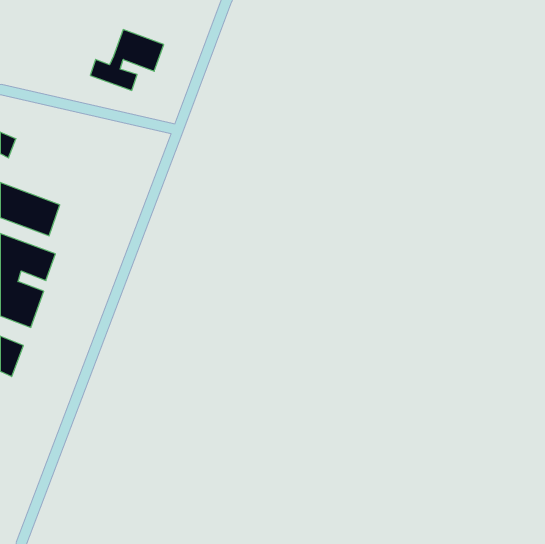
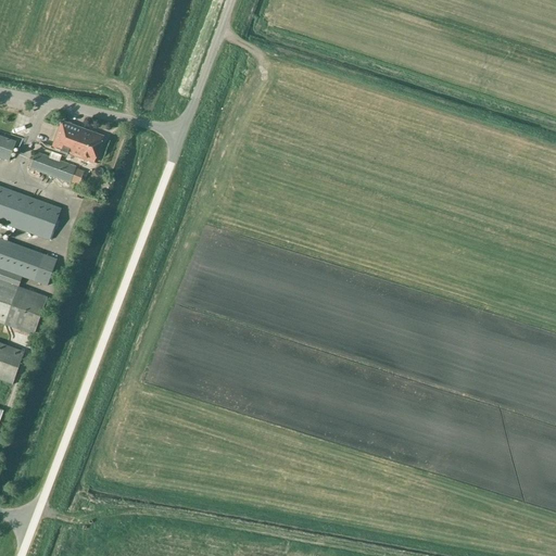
building: [90,30,164,90] -> [28,121,103,182]

